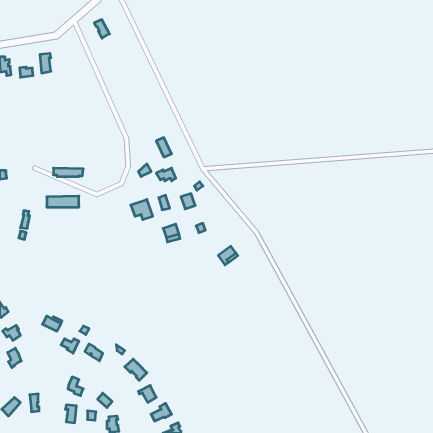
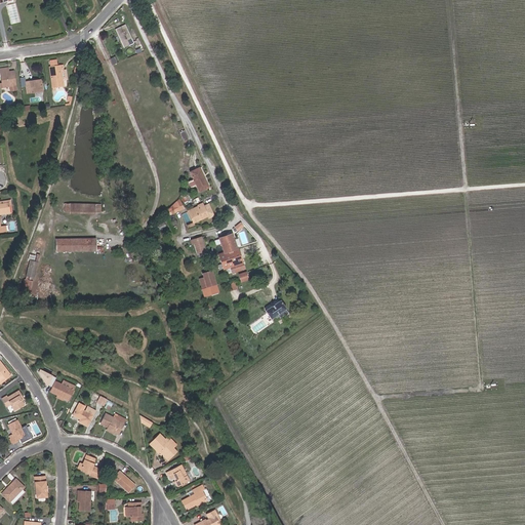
building: [131,199,153,220] -> [217,247,244,272]

